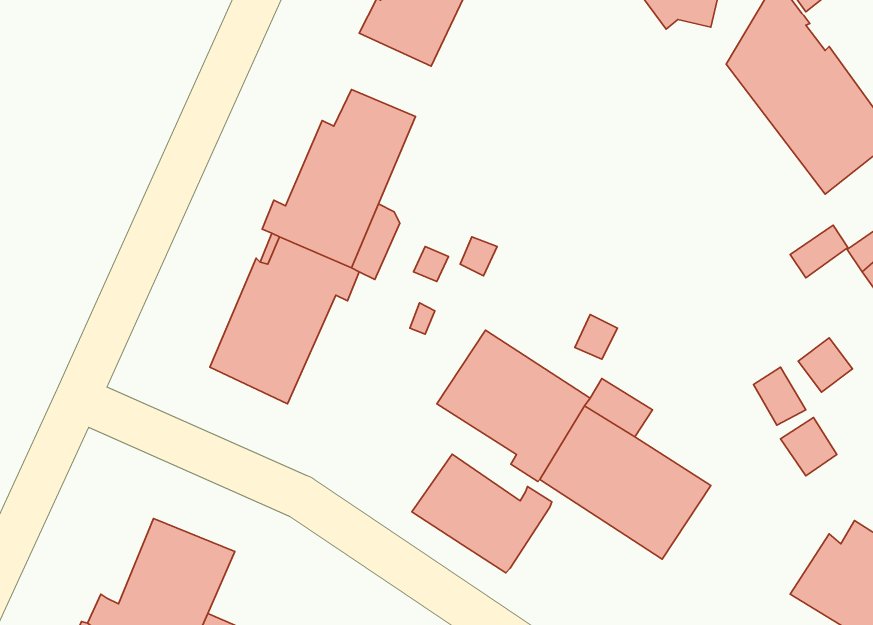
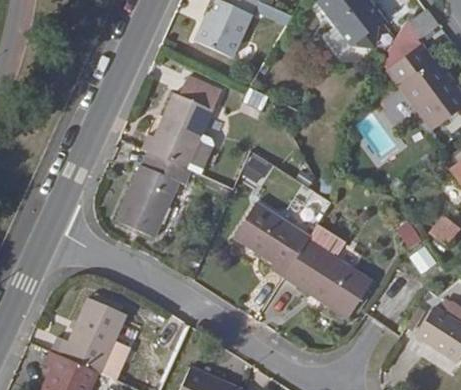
building: [412,454,552,573] -> none

